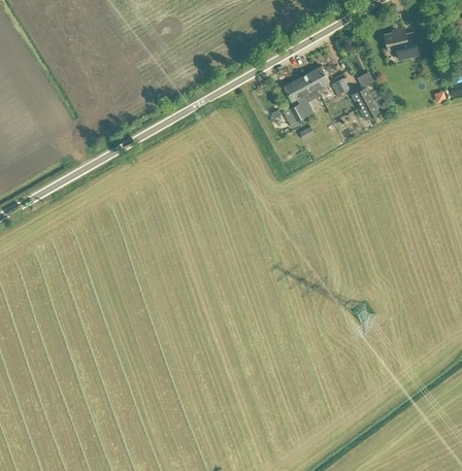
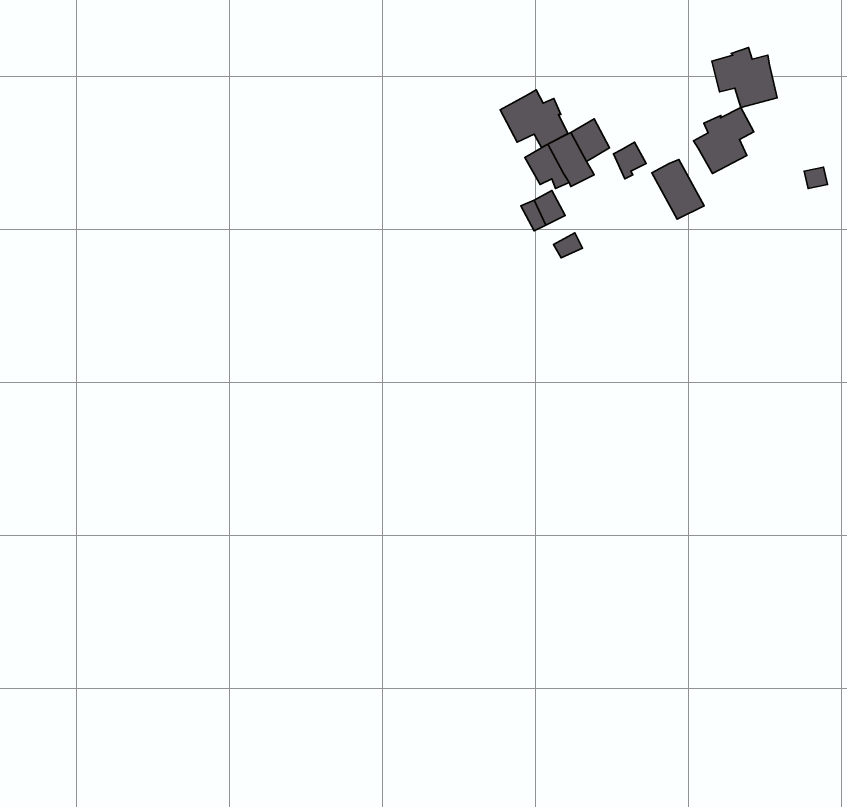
building: none -> [500,90,568,147]
building: none -> [694,107,754,174]

